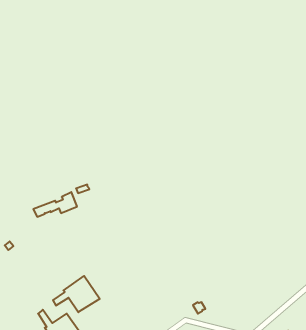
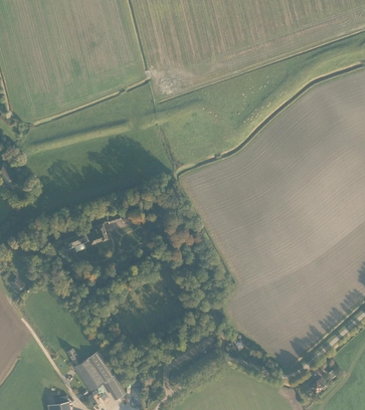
building: [53,276,100,312] -> none

